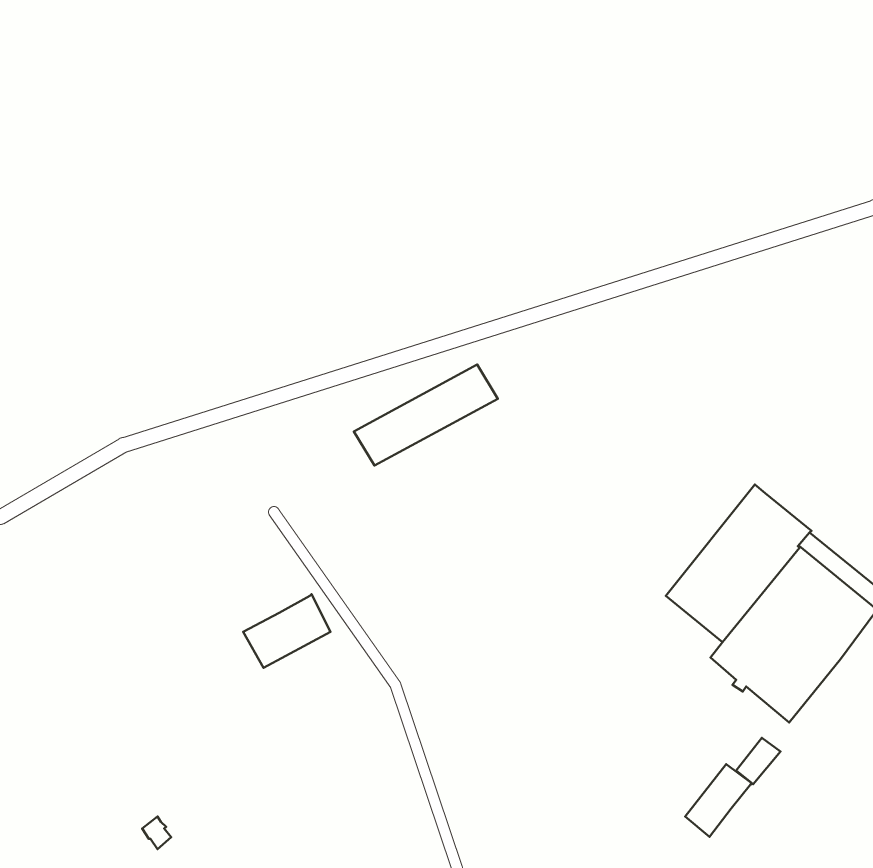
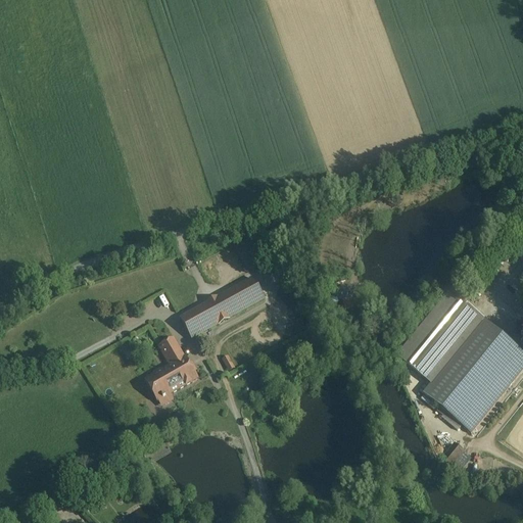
building: [354,365,498,466] -> [181,276,267,336]
building: none -> [156,336,186,366]
building: [685,764,752,837] -> none

